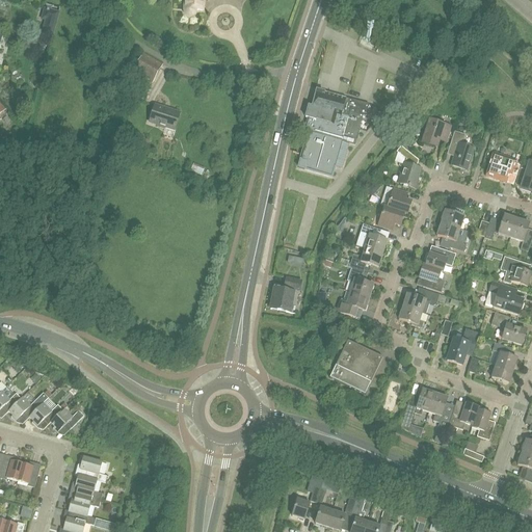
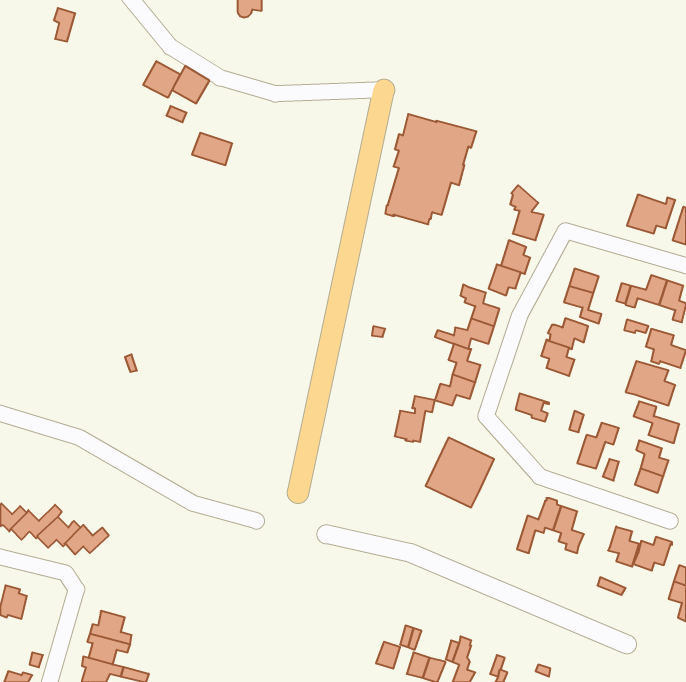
building: none -> [143,61,180,98]
building: [422,117,450,145] -> none
building: [449,129,474,168] -> none
building: [270,275,301,311] -> [395,396,435,442]
building: [402,288,444,312] -> none
building: [448,402,478,428] -> [633,537,672,571]
building: [75,455,107,481] -> none
building: [17,459,39,485] -> none

